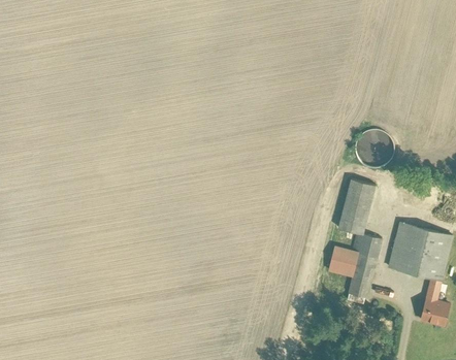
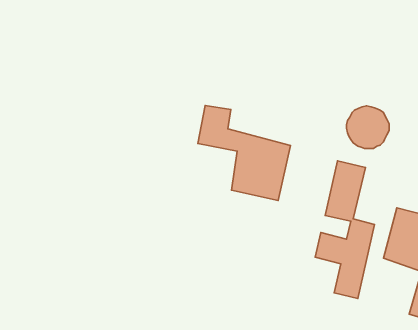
building: none -> [198,105,291,200]

